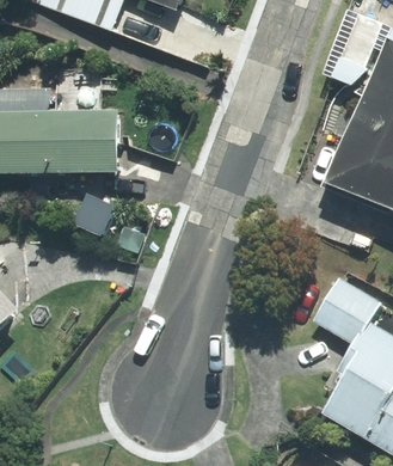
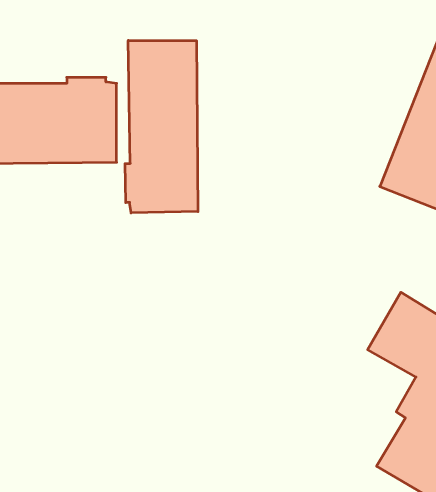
building: none -> [125,40,198,213]

